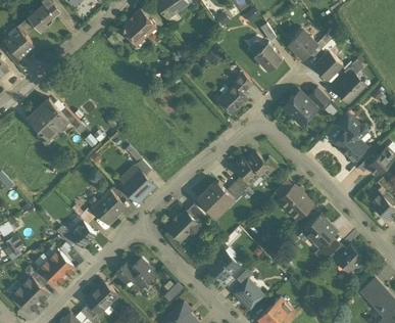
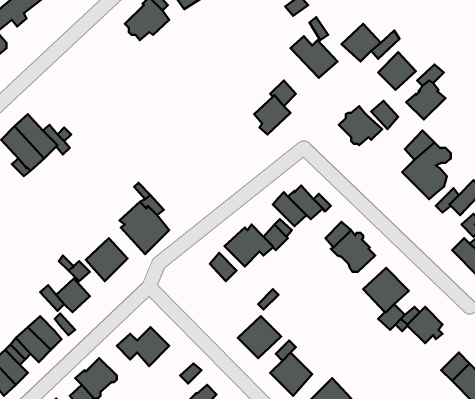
building: [167,211,199,240] -> none

